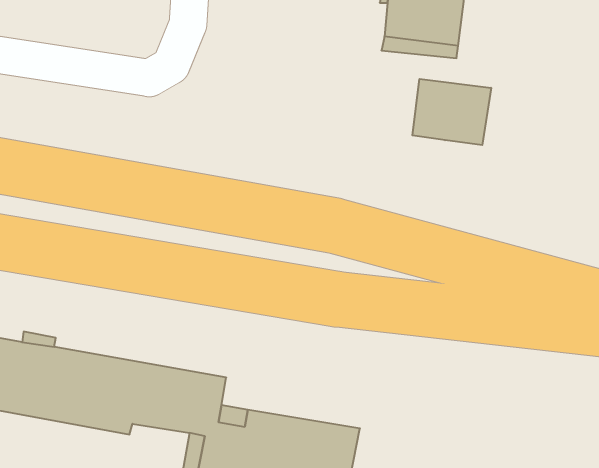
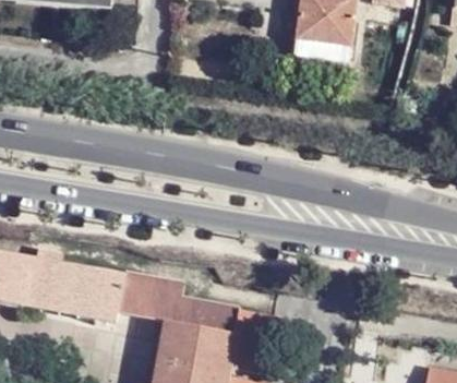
building: [412,79,491,145] -> none

